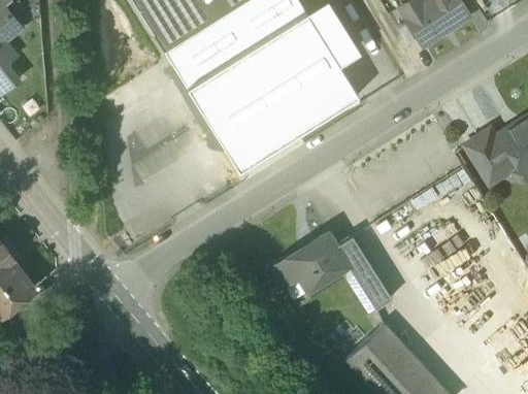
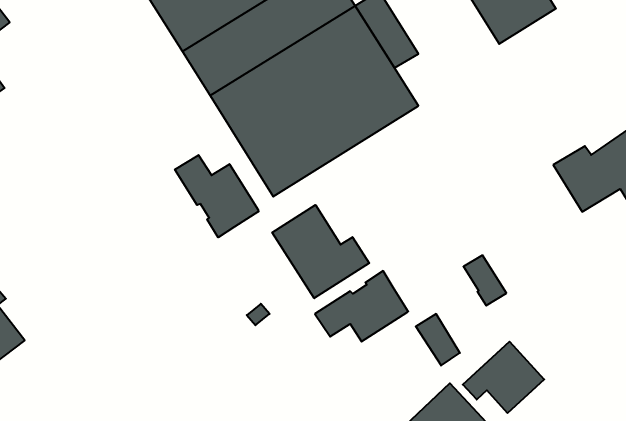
building: none -> [175,155,259,237]
building: none -> [272,205,369,298]
building: [336,235,371,276] -> [463,255,506,306]
building: none -> [463,342,544,413]

